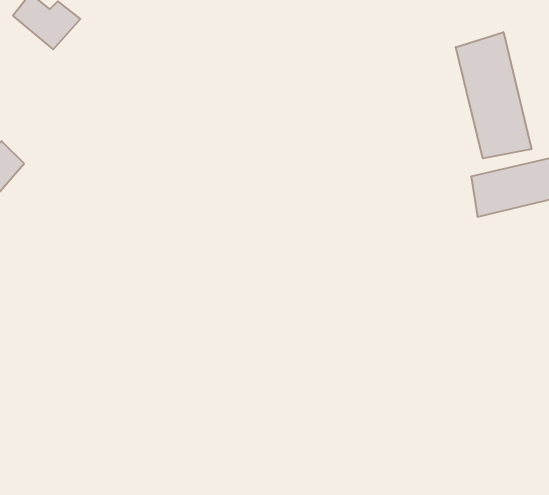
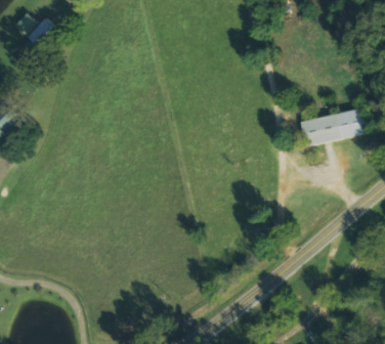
building: [456,32,531,158] -> none

